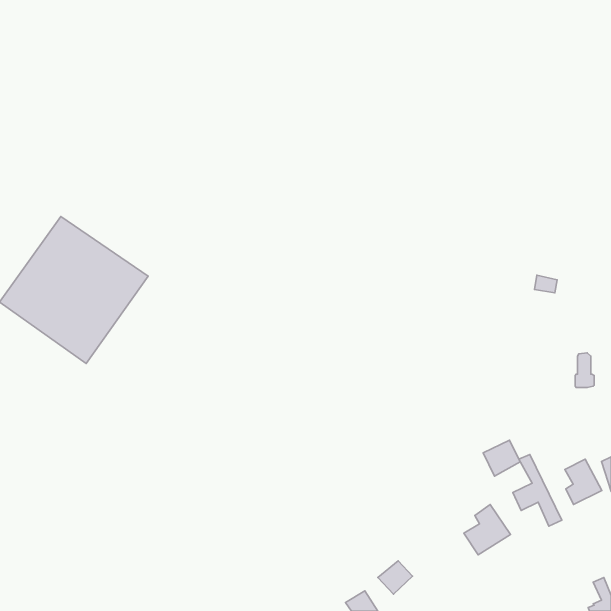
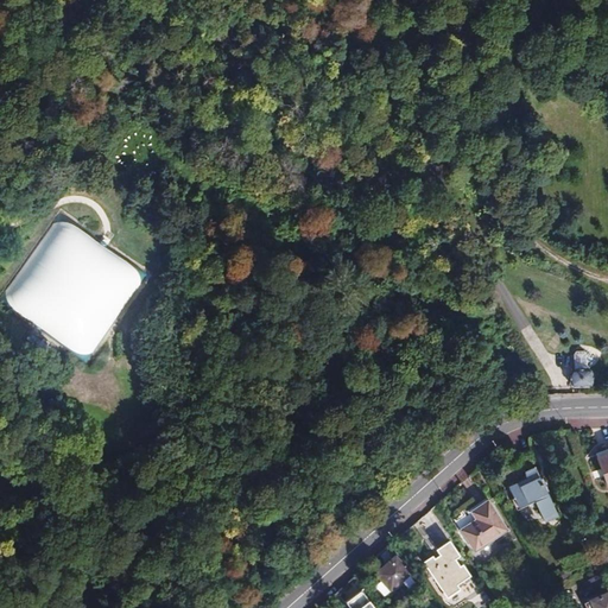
building: [483,440,520,476] -> none
building: [565,459,602,505] -> none
building: none -> [423,540,470,598]

